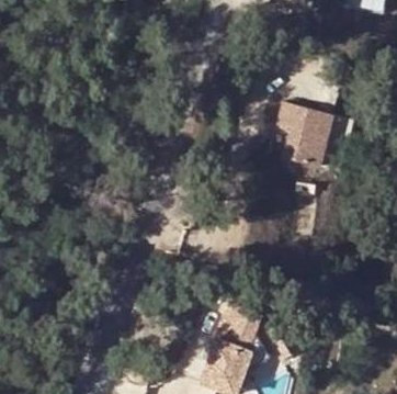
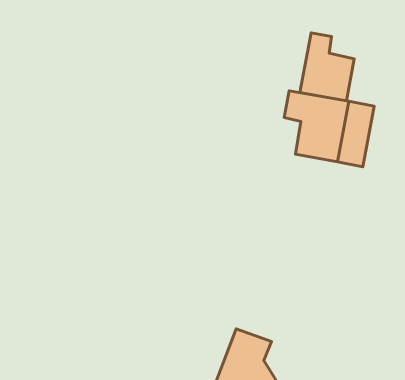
building: none -> [300,33,354,101]

